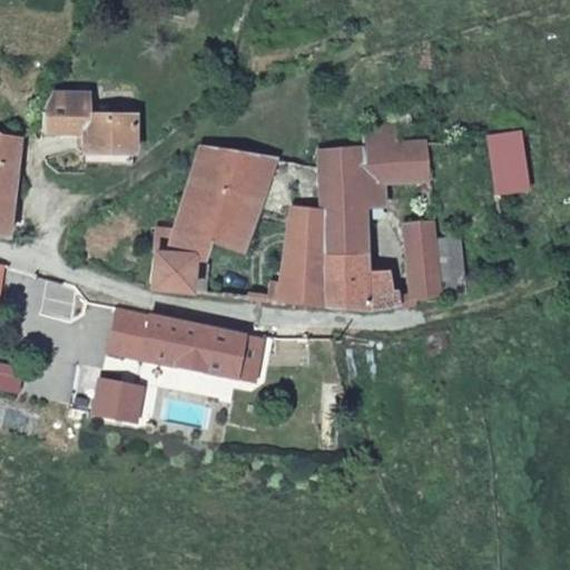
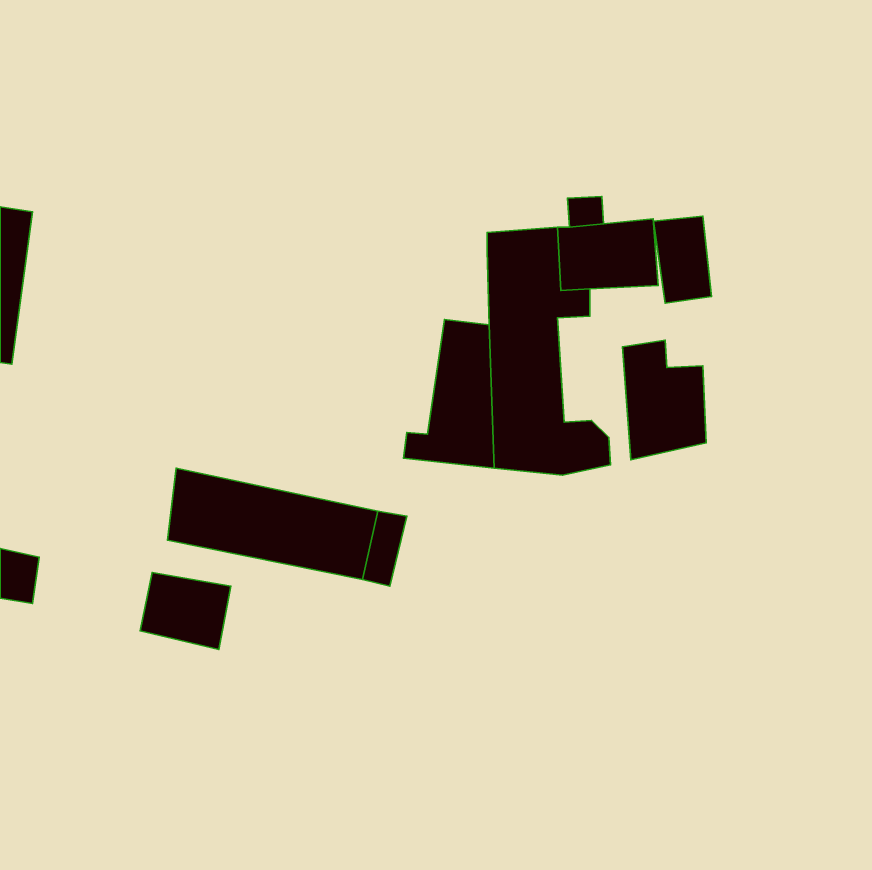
building: [43,92,131,154] -> none
building: [489,136,527,193] -> [653,216,711,303]
building: [150,148,286,291] -> none

